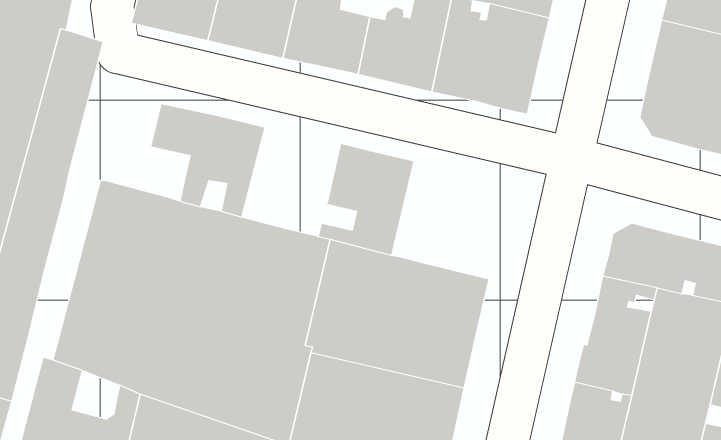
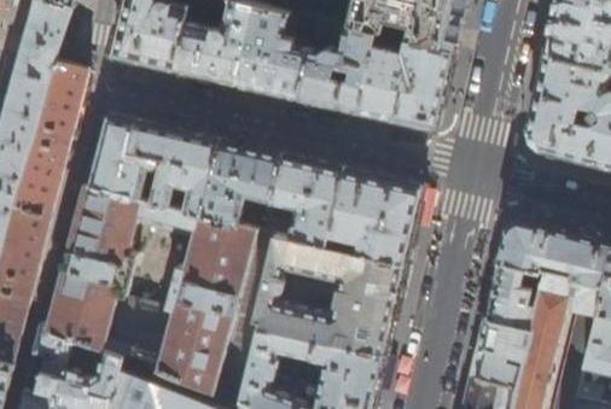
building: none -> [89,117,159,200]
building: none -> [202,144,283,227]
building: none -> [325,171,423,268]

